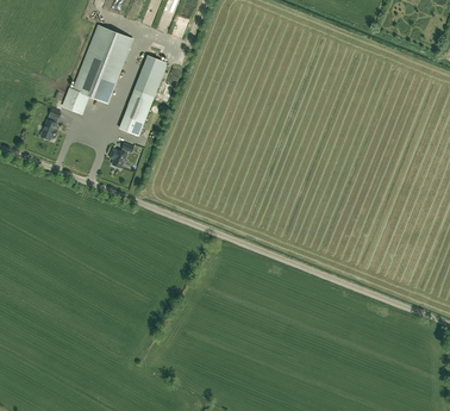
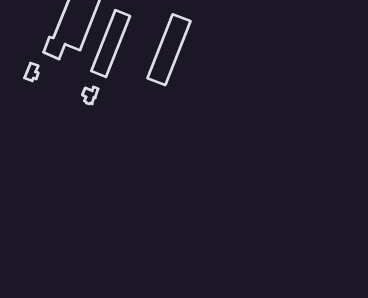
building: none -> [148,14,190,85]

